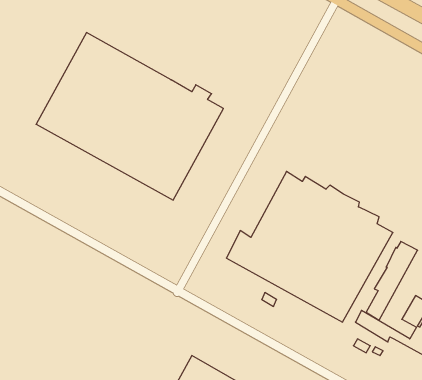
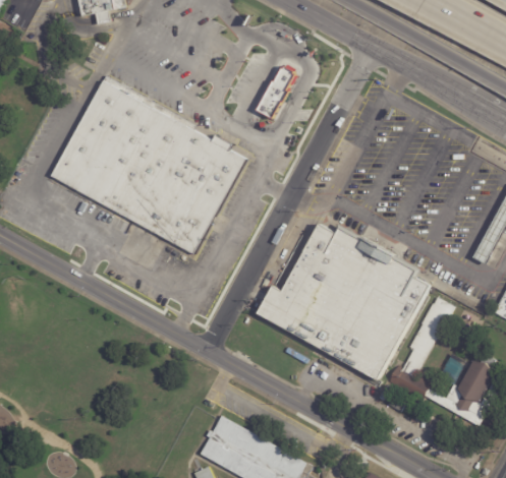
building: none -> [258,60,297,115]

